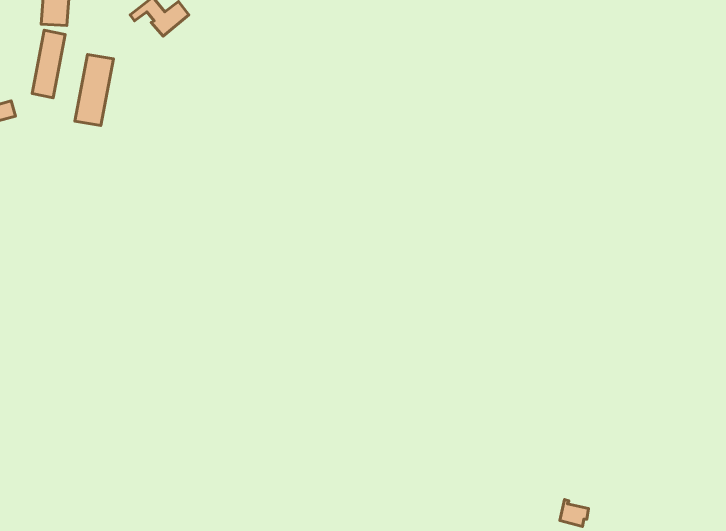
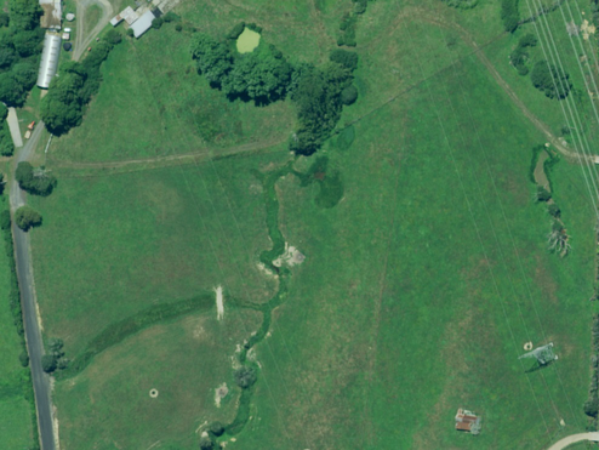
building: [75,54,114,126] -> none

